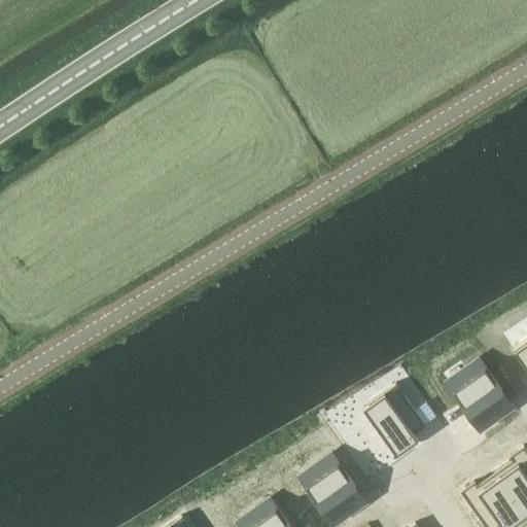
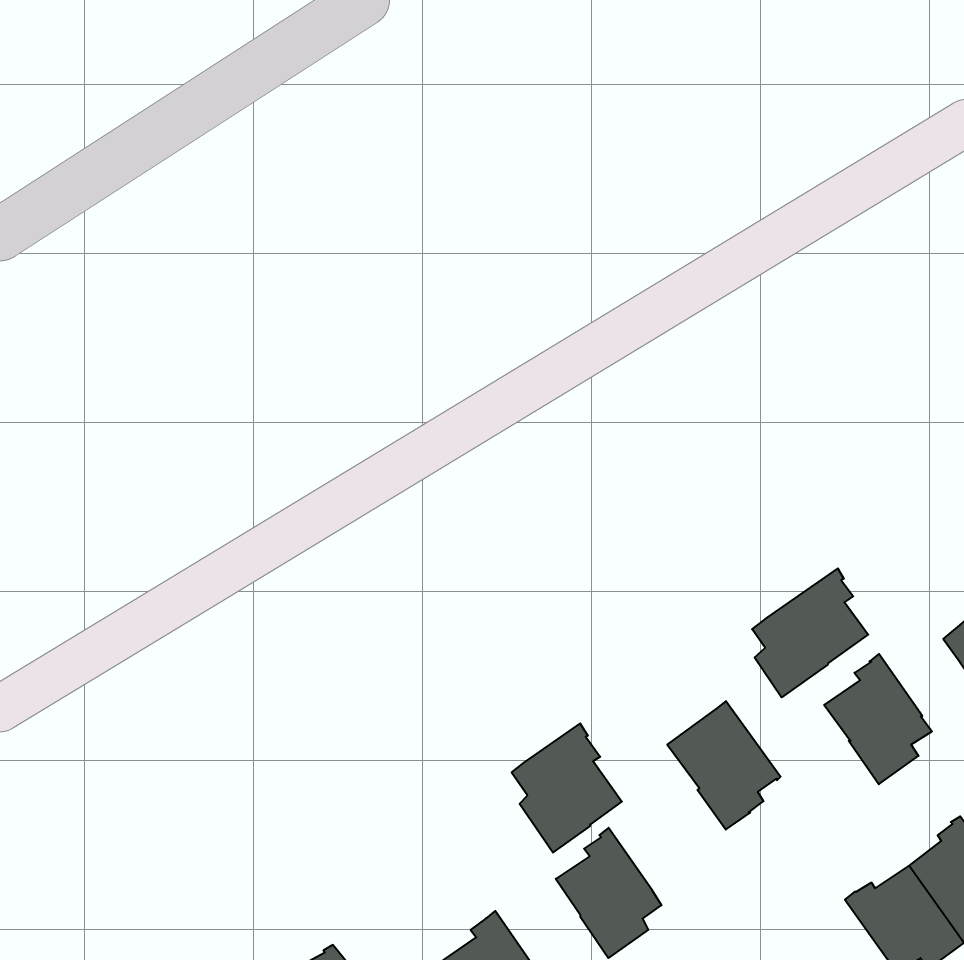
building: none -> [752,568,868,697]
building: none -> [512,723,622,853]

